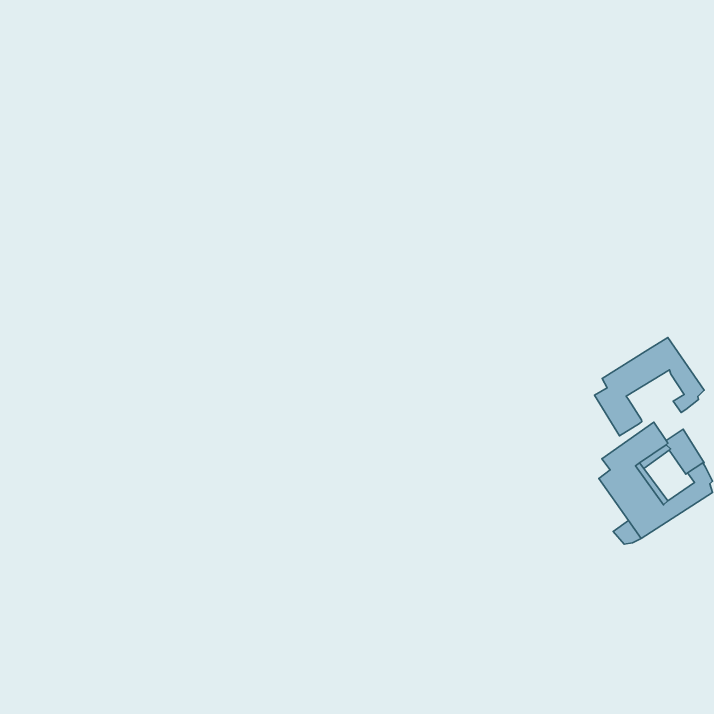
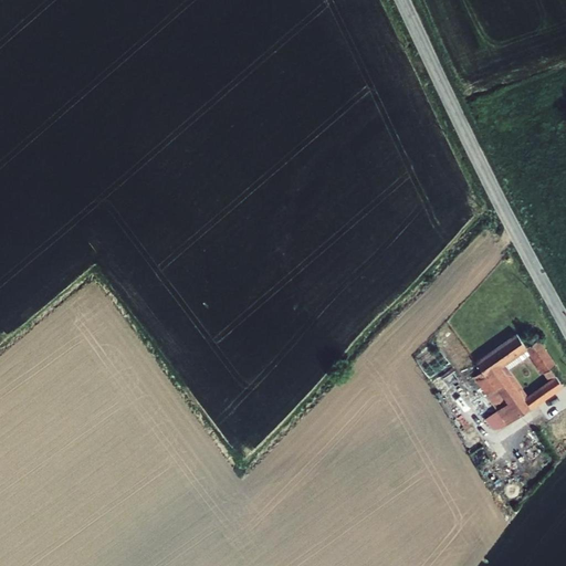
building: [595,337,704,436] -> none

